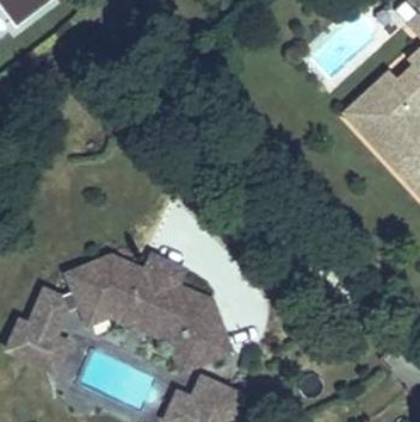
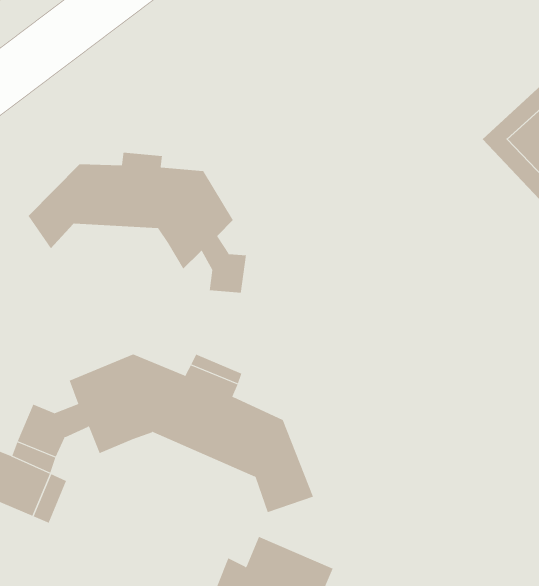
building: none -> [28,152,247,294]
building: [110,309,199,370] -> none

